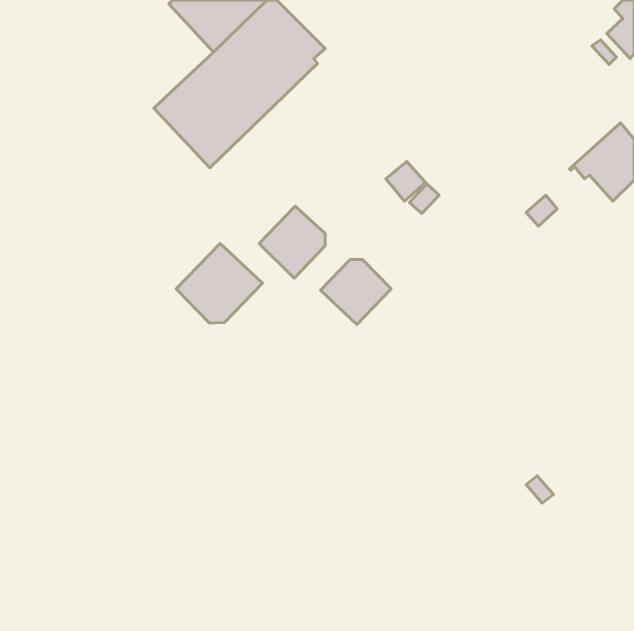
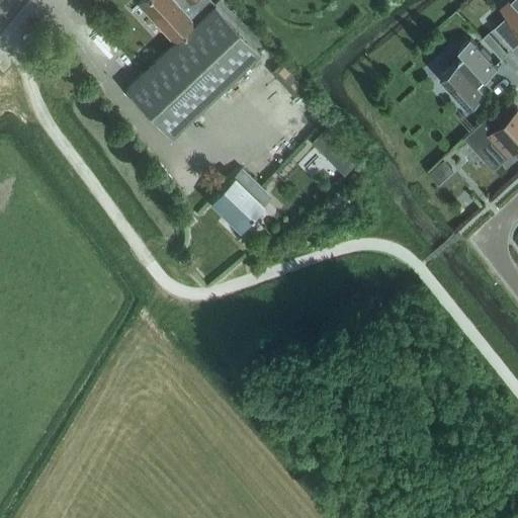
building: none -> [441,40,498,108]
building: [176,243,263,323] -> none
building: [320,260,391,325] -> none

